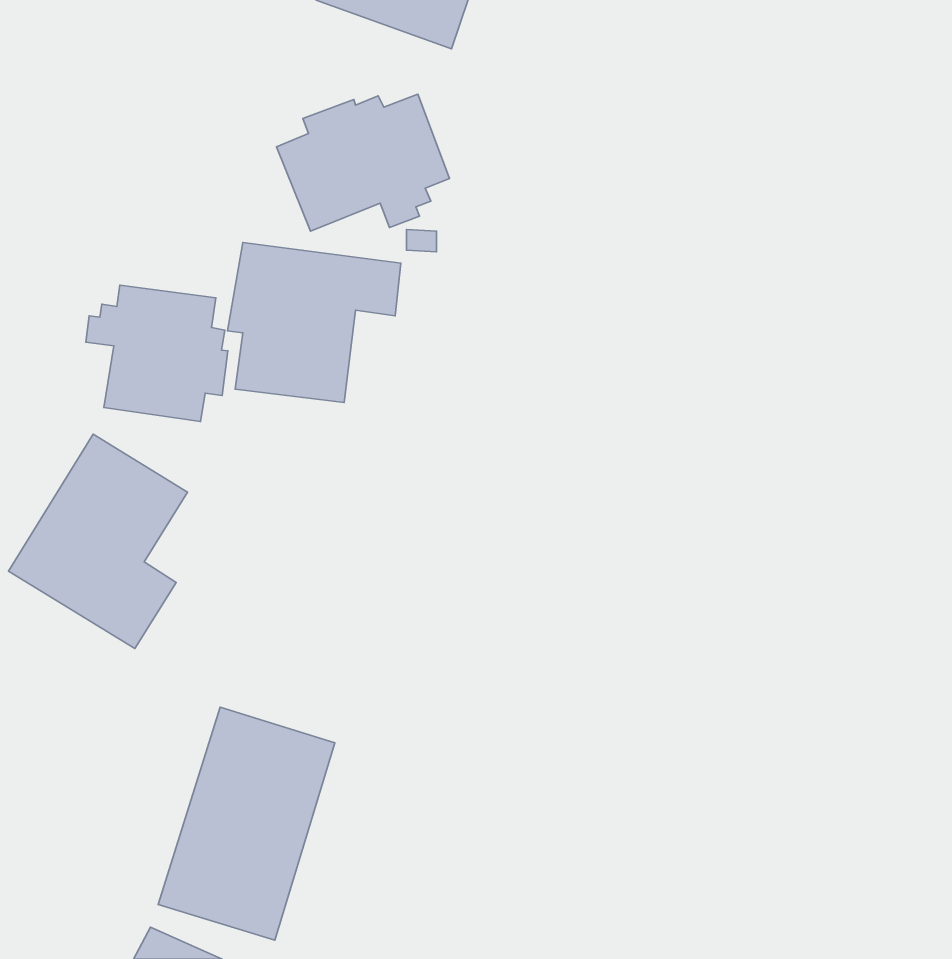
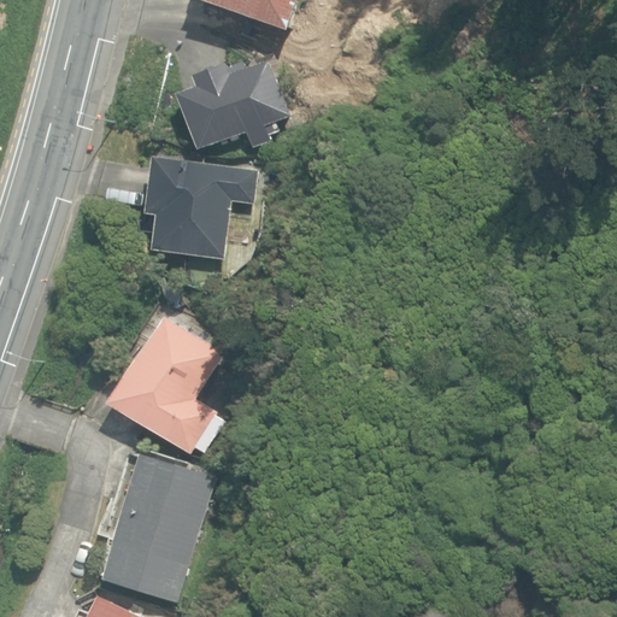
building: [86,285,228,422] -> none
building: [9,434,187,648] -> [107,315,222,452]

